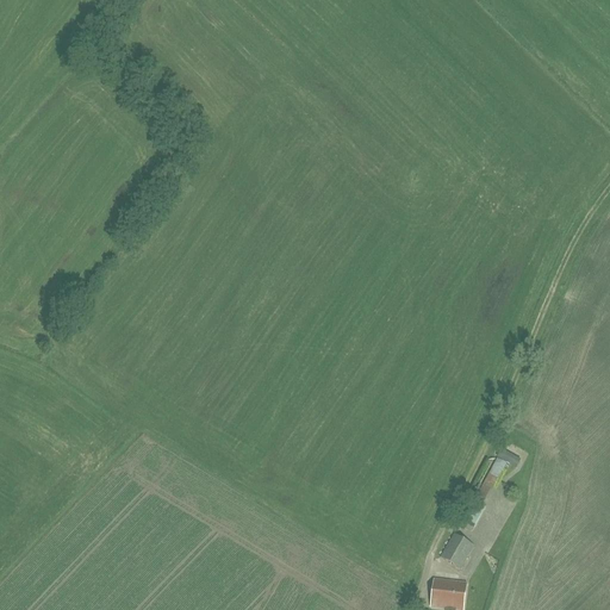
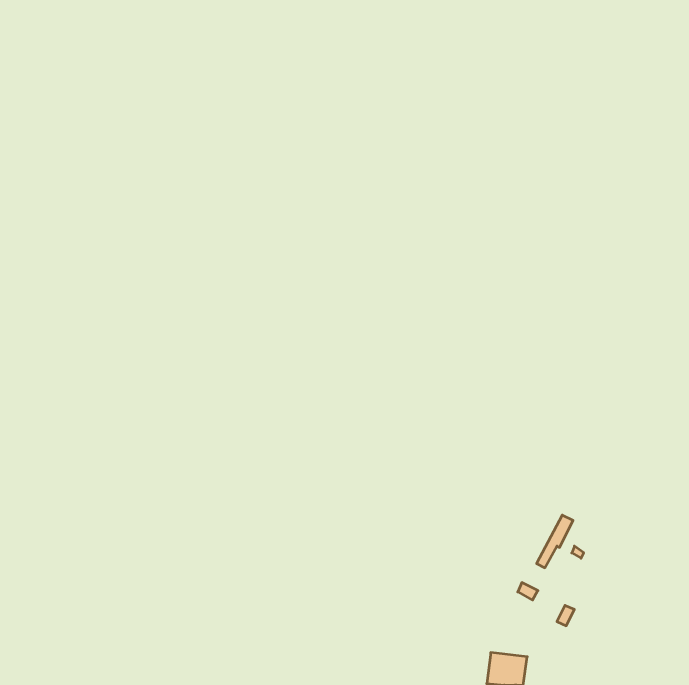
building: [440,531,474,567] -> none

